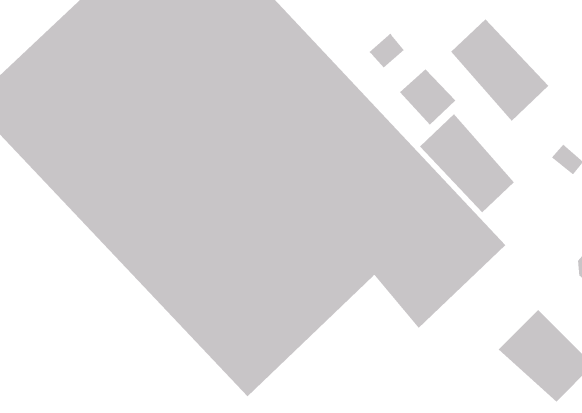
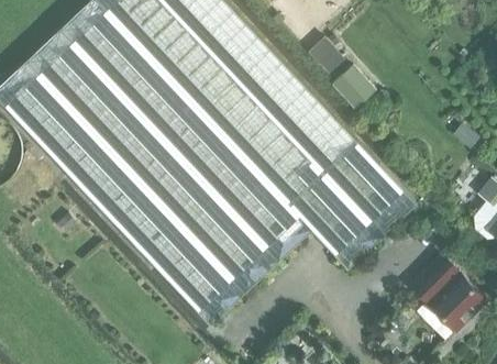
building: [450,19,549,122] -> none
building: [419,113,515,213] -> none

